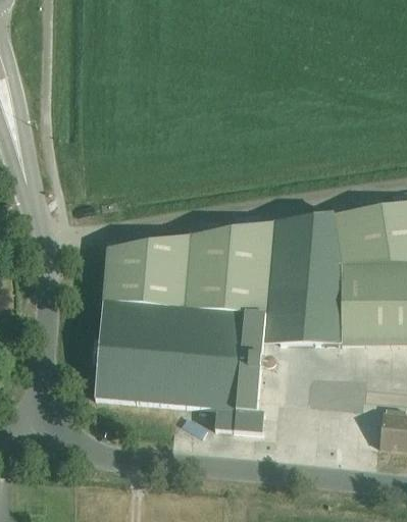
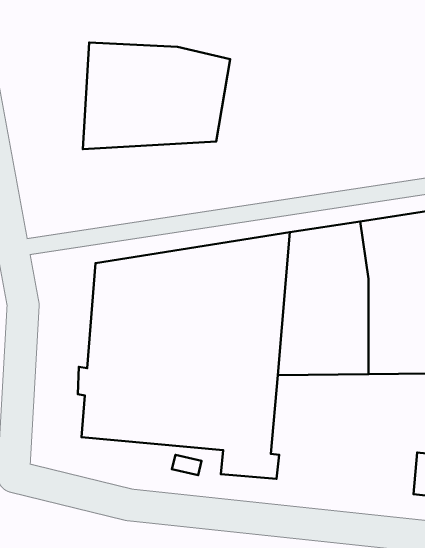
building: none -> [83,43,230,149]

